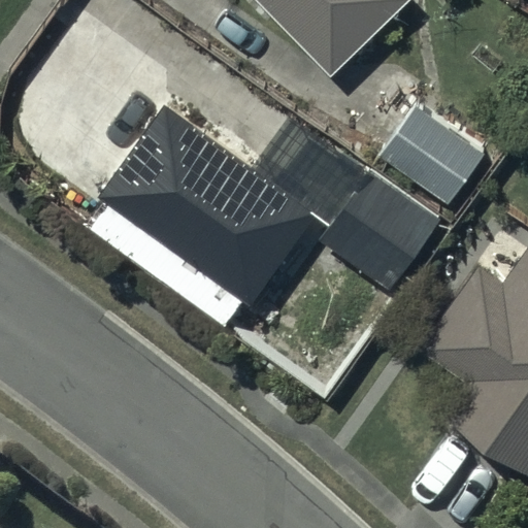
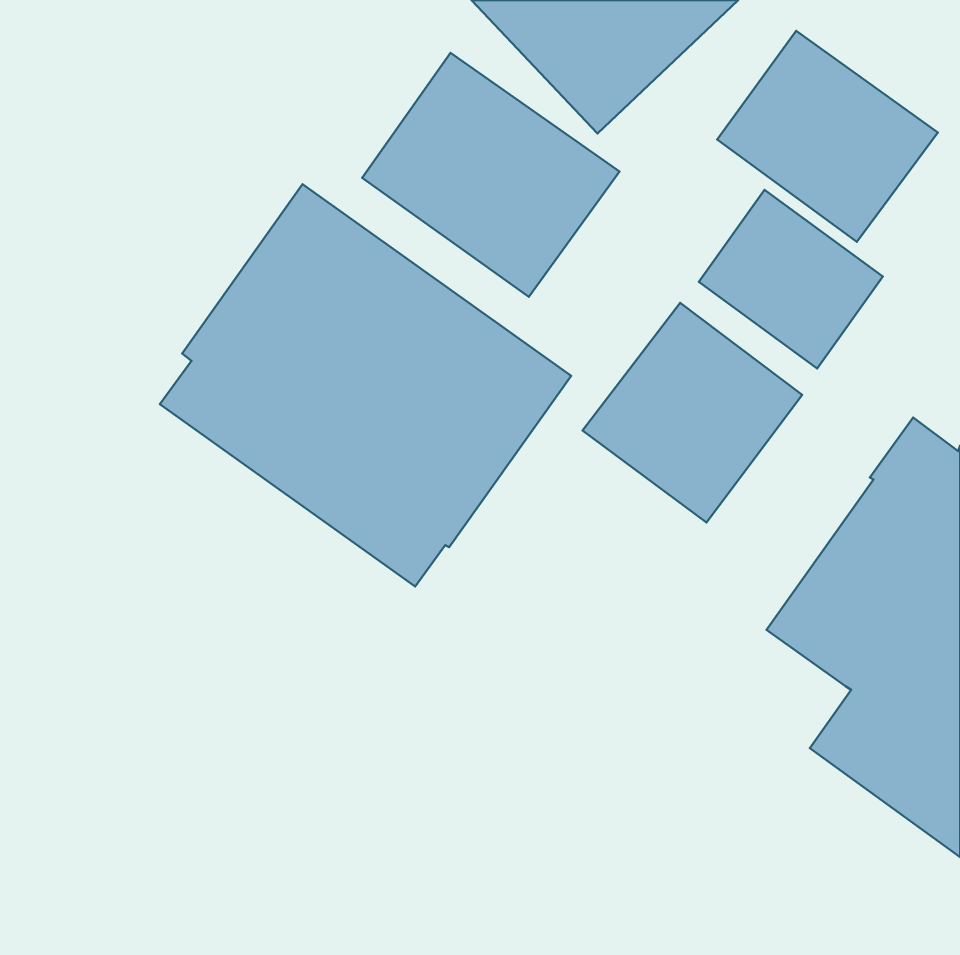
building: none -> [717,31,938,242]
building: none -> [362,53,619,297]

